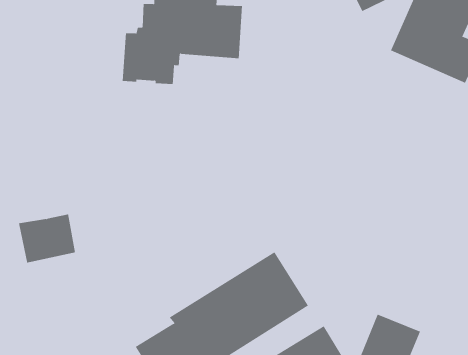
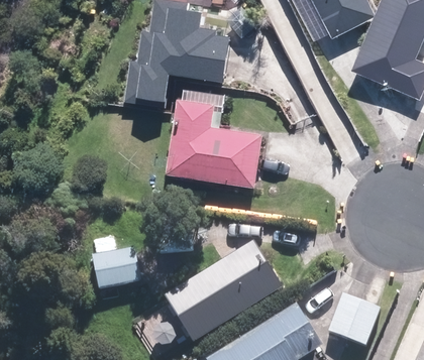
building: none -> [168,97,258,182]
building: [18,214,76,263] -> [92,247,141,289]

